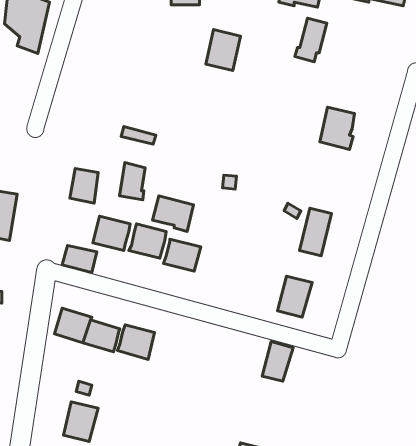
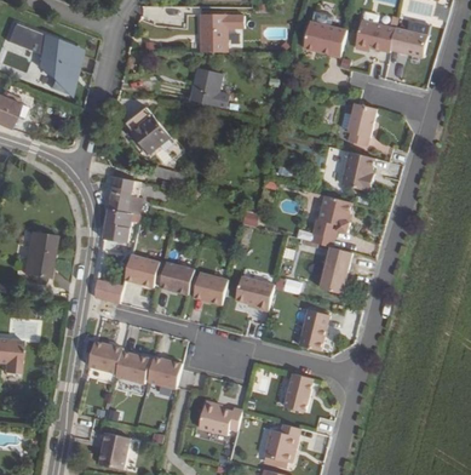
building: [295,18,327,62] -> [343,103,373,144]
building: [206,30,240,71] -> [186,68,219,107]
building: none -> [121,105,167,153]
building: none -> [311,195,349,238]
building: [120,163,145,200] -> [107,177,131,212]
building: [153,196,194,232] -> [236,268,275,302]
building: none -> [199,405,242,436]
building: none -> [263,423,299,460]

